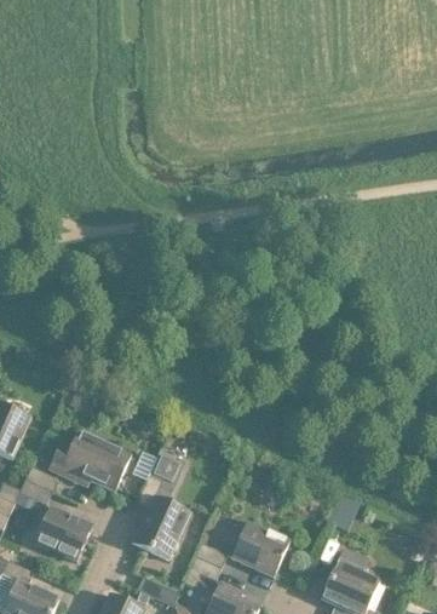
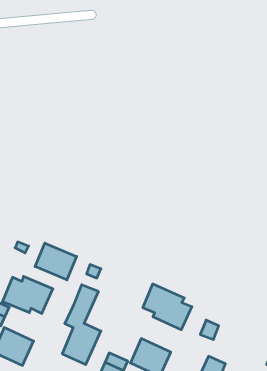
building: none -> [35,243,77,280]
building: none -> [143,284,192,330]

